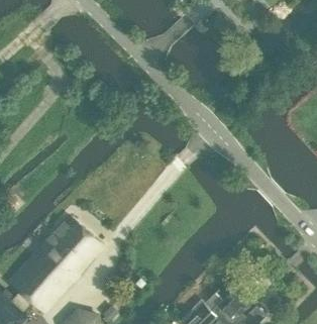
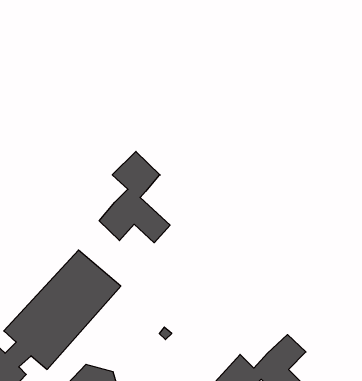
building: none -> [99,151,170,243]

